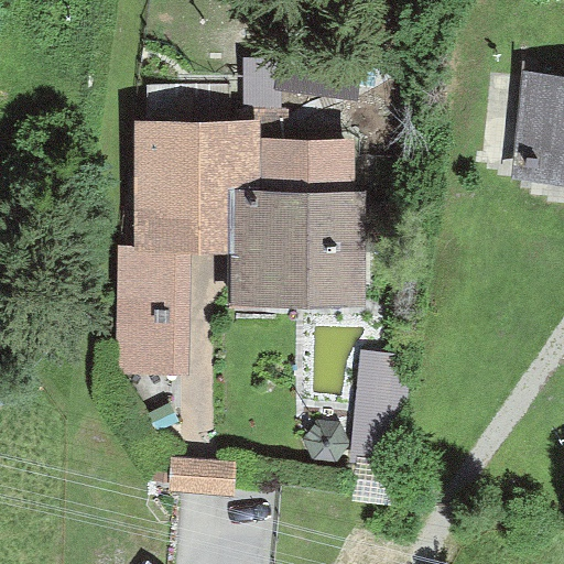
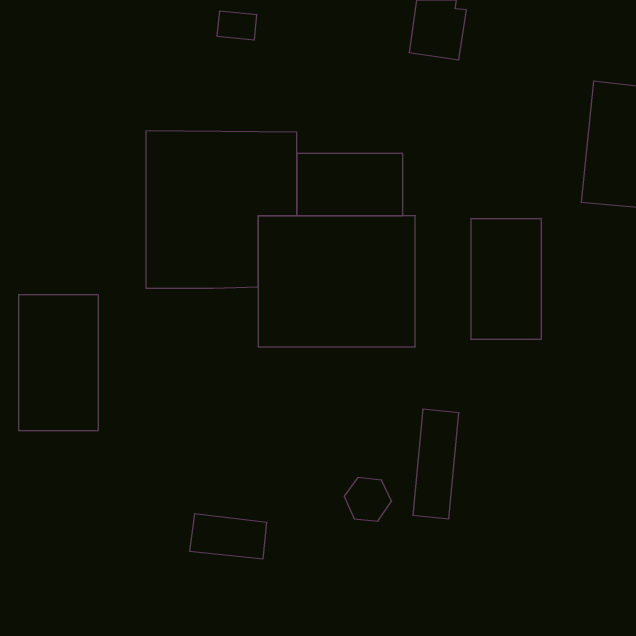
building: none -> [471,218,541,340]
building: [119,256,189,376] -> [19,295,98,431]

